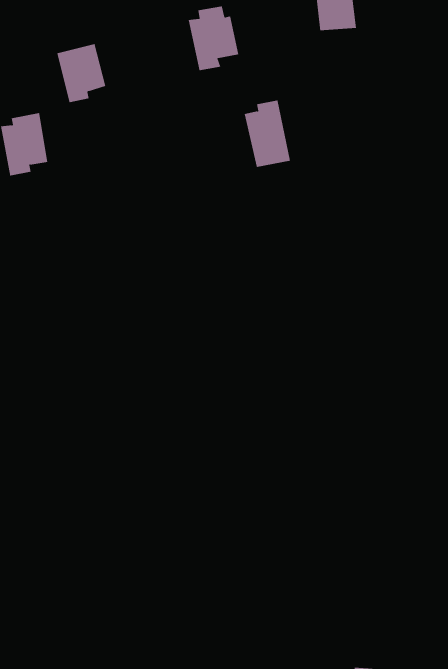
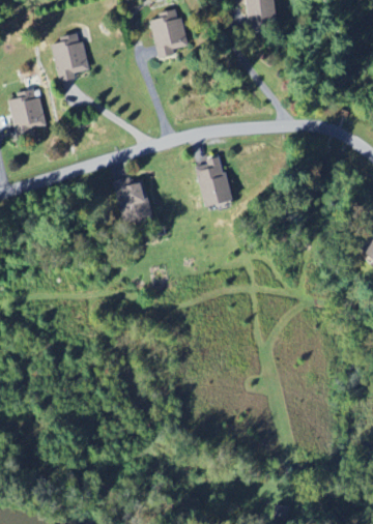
building: [244,100,291,168] -> [197,156,232,207]
building: none -> [115,176,151,222]

